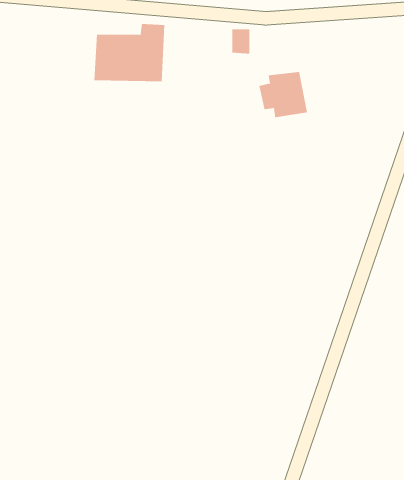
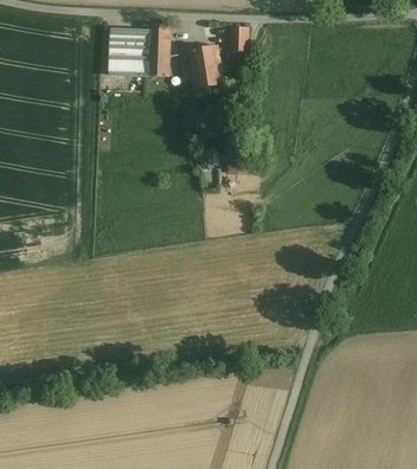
building: [259,71,308,118] -> [179,45,223,86]

